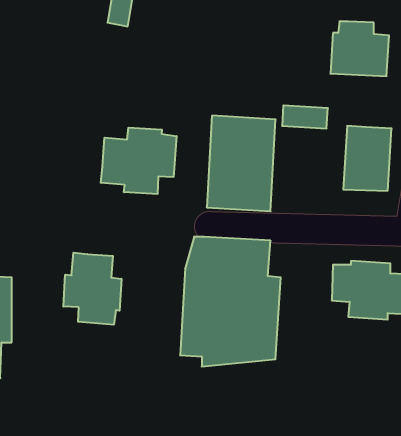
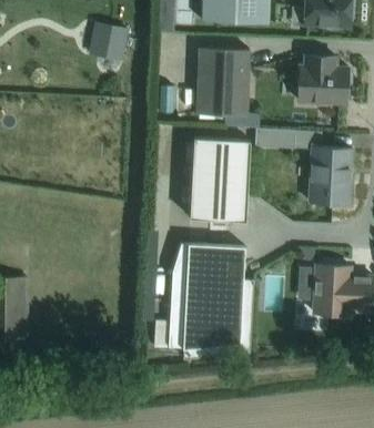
building: none -> [195,48,250,115]
building: [101,128,177,194] -> none
building: [63,253,121,325] -> none

